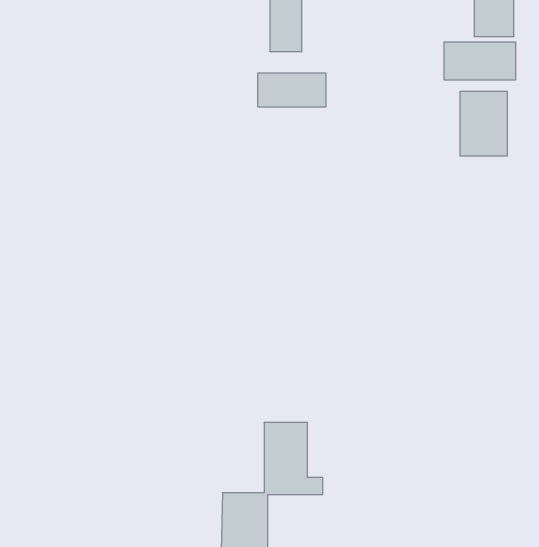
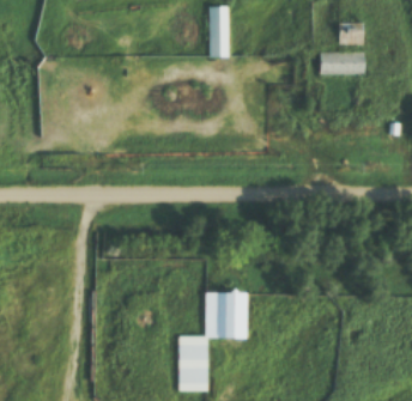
building: [258,73,326,107] -> none
building: [460,91,507,156] -> none

